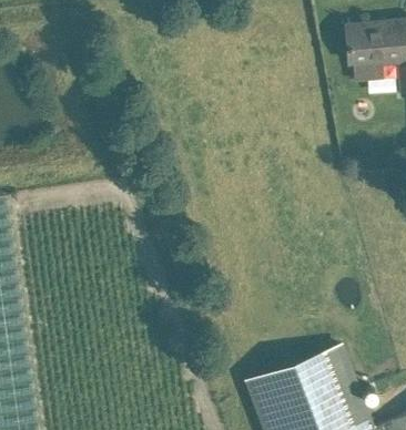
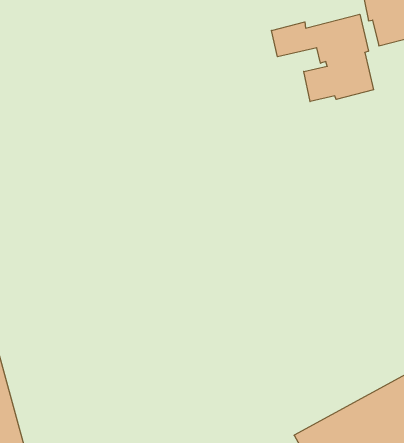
building: none -> [271,14,373,102]

